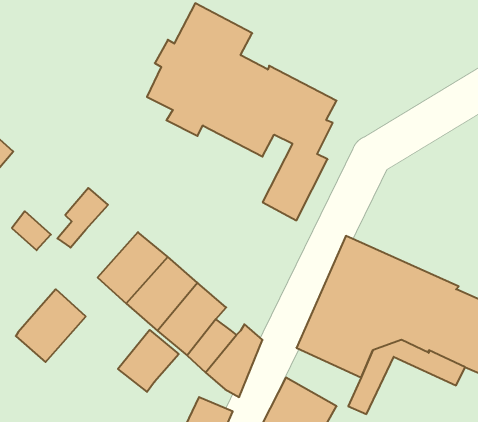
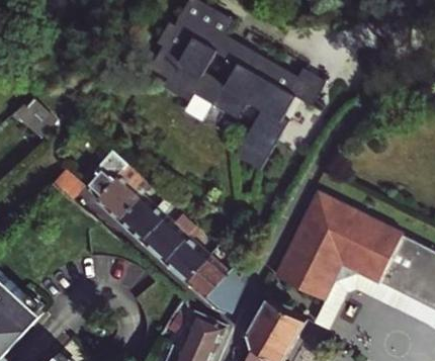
building: [16,289,86,362] -> [96,166,151,222]
building: [118,330,179,392] -> none

